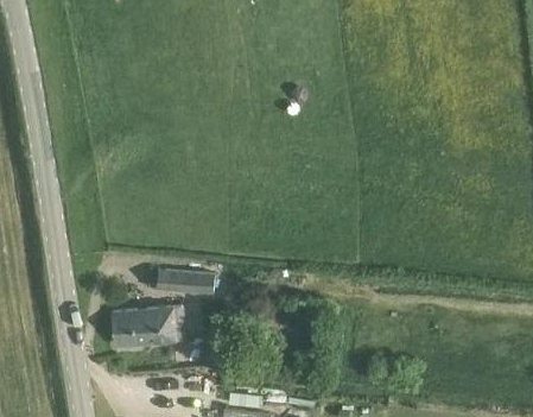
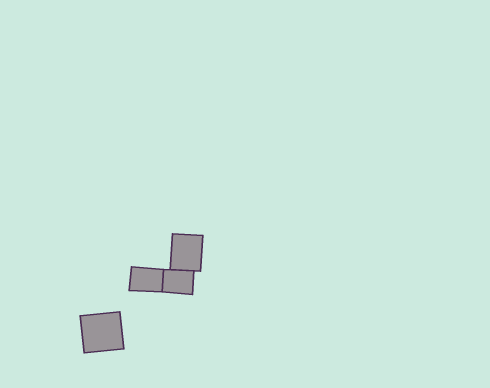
building: none -> [170,234,203,271]
building: [148,307,186,343] -> none

